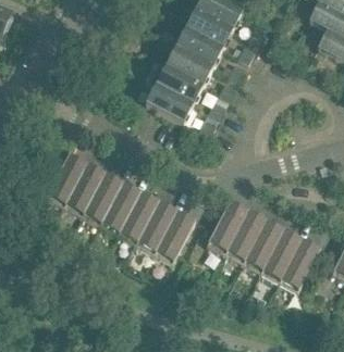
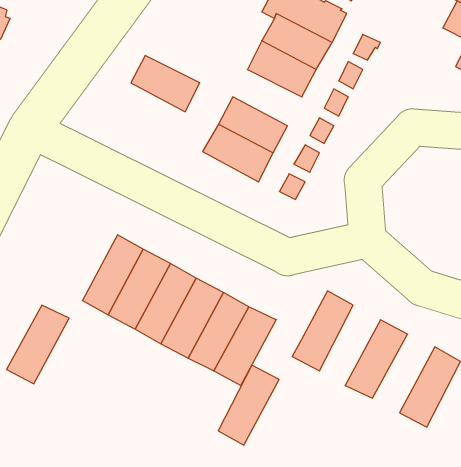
building: [165,49,212,87] -> [131,56,200,112]
building: [45,152,87,205] -> [7,305,69,384]
building: [224,209,266,263] -> [218,365,279,445]
building: [260,228,303,281] -> none

